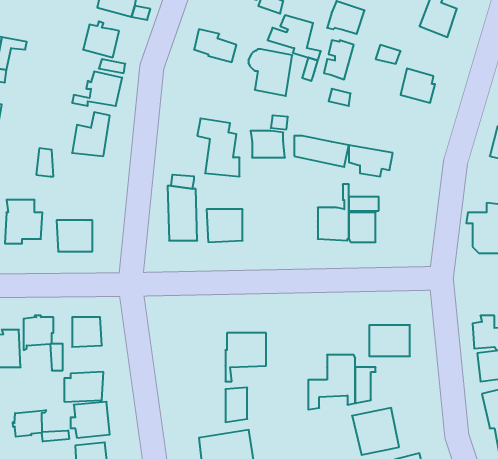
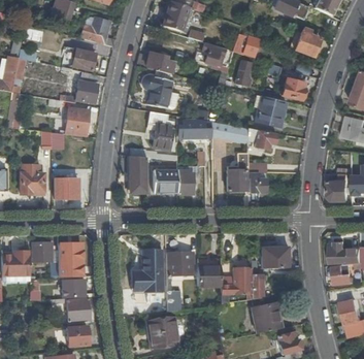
building: [248,49,292,96] -> [142,77,171,108]
building: none -> [254,96,286,127]
building: none -> [177,166,199,194]
building: none -> [133,250,162,303]
building: none -> [198,264,220,287]
building: [13,410,69,442] -> none

